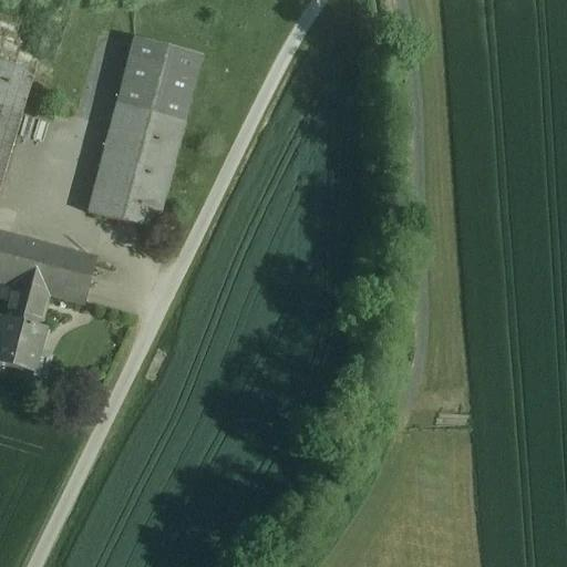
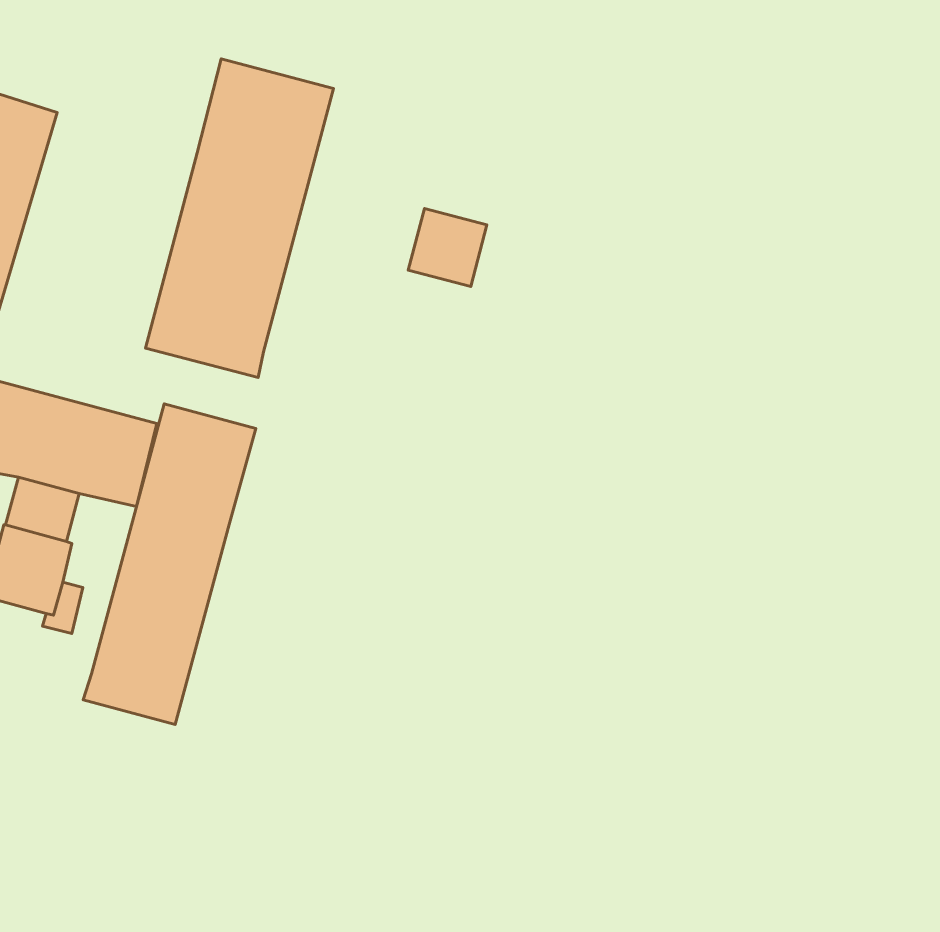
building: none -> [408,208,487,286]
building: none -> [83,404,256,725]

